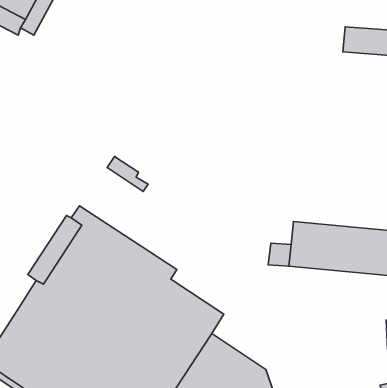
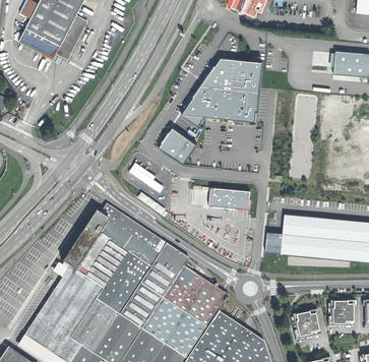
building: none -> [181,58,262,125]
building: none -> [159,128,195,163]
building: none -> [207,187,249,209]
building: none -> [329,300,353,324]
building: none -> [293,309,319,339]

